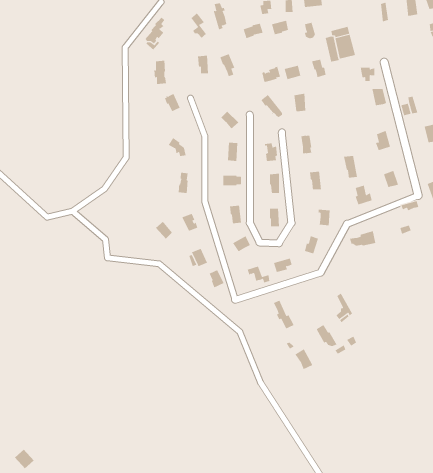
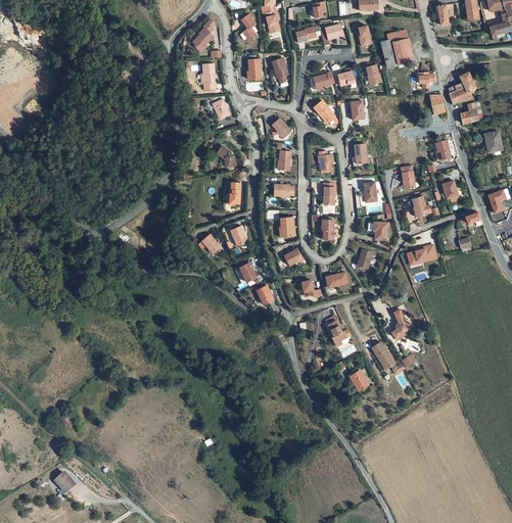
building: none -> [449,72,475,104]

